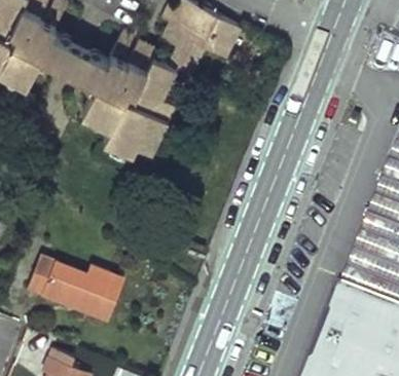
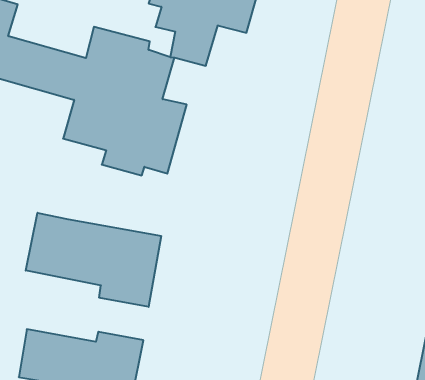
building: none -> [26,213,161,307]

